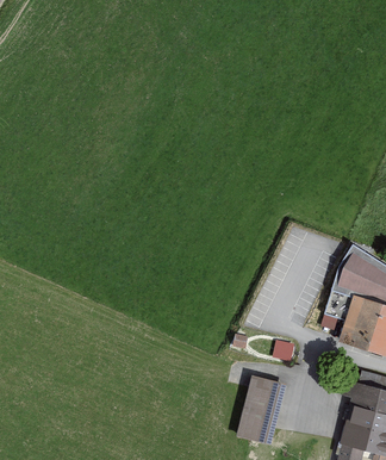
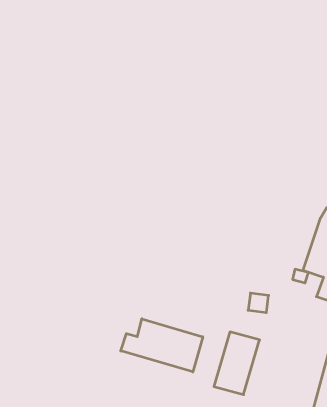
building: none -> [121,319,203,372]

